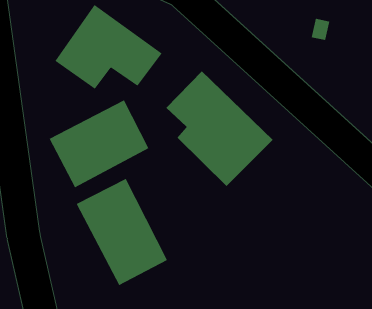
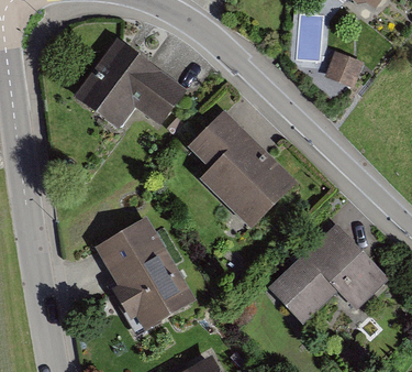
building: [49,100,149,188] -> none
building: none -> [268,225,390,322]

